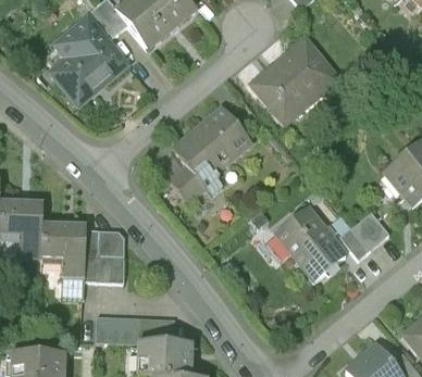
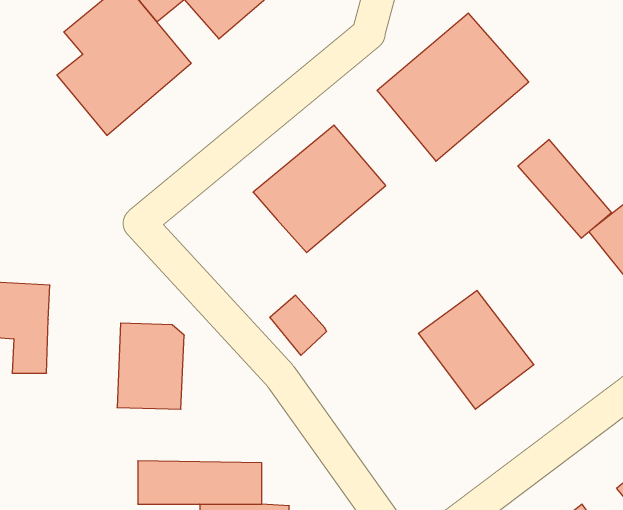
building: none -> [518,139,611,238]
building: [169,164,204,202] -> [270,295,327,355]
building: [340,211,389,257] -> none
building: [39,227,86,282] -> none

